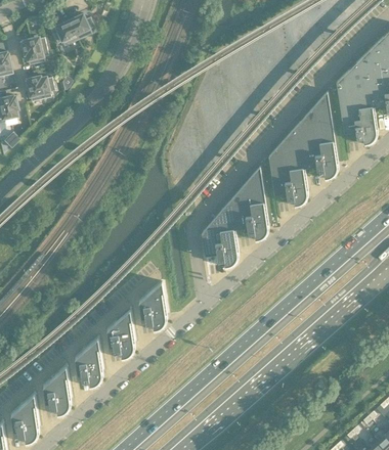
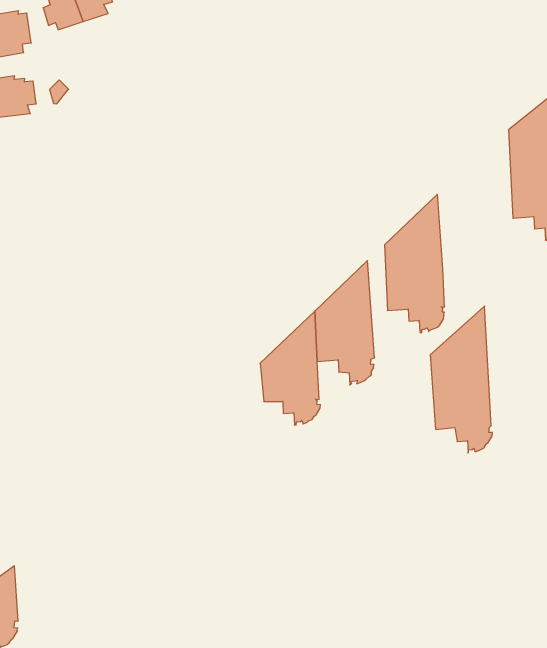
building: [297,92,338,180] -> [430,306,492,453]
building: [138,282,167,331] -> none
building: [106,310,134,359] -> none
building: [75,339,102,388] -> none

